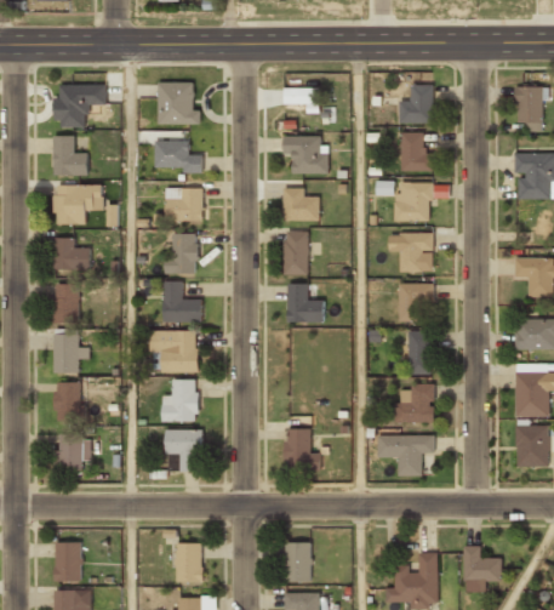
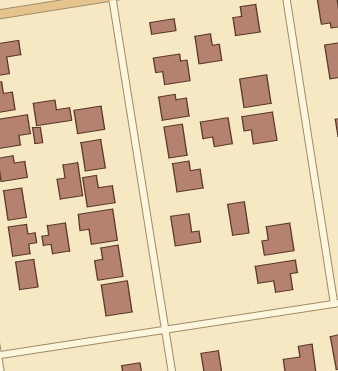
building: [158,81,200,124] -> none
building: [401,132,433,170] -> [195,34,222,64]
building: [154,141,202,171] -> [33,100,72,126]
building: none -> [201,118,232,147]
building: none -> [57,162,83,199]
building: [399,284,433,321] -> none
building: [409,332,432,375] -> [228,202,249,235]
building: none -> [42,223,70,254]
building: [285,428,320,468] -> [171,214,201,246]
building: [59,434,88,471] -> none

